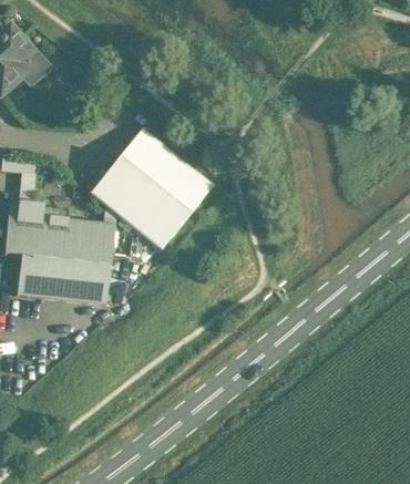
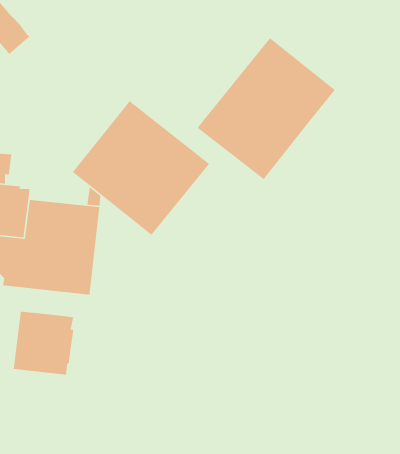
building: none -> [197,37,336,180]
building: none -> [13,311,74,376]

